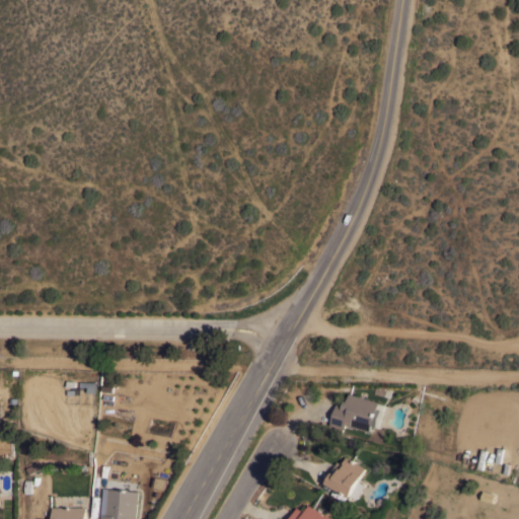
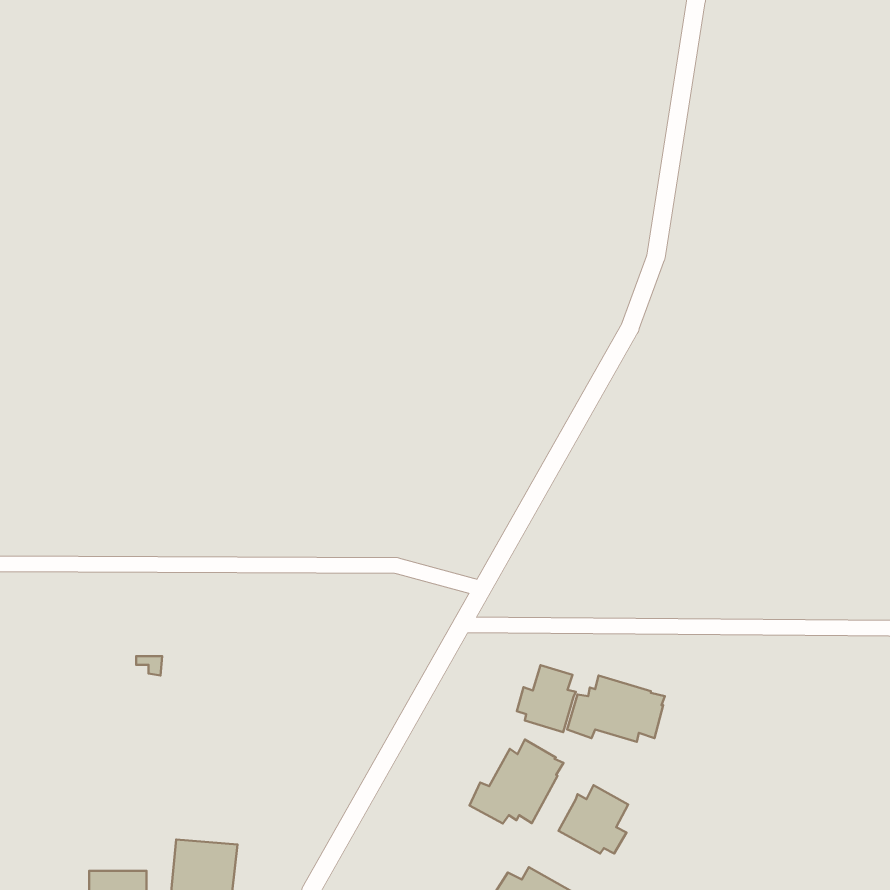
building: none -> [517,665,576,732]
building: none -> [469,740,563,823]

